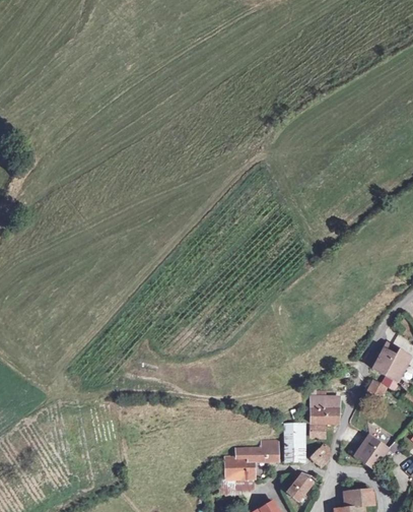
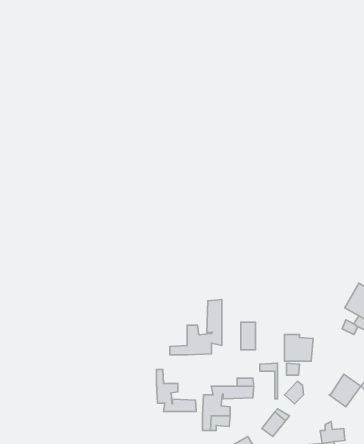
building: none -> [170,300,222,355]
building: none -> [157,369,196,411]
building: [285,433,300,461] -> [241,322,256,350]

